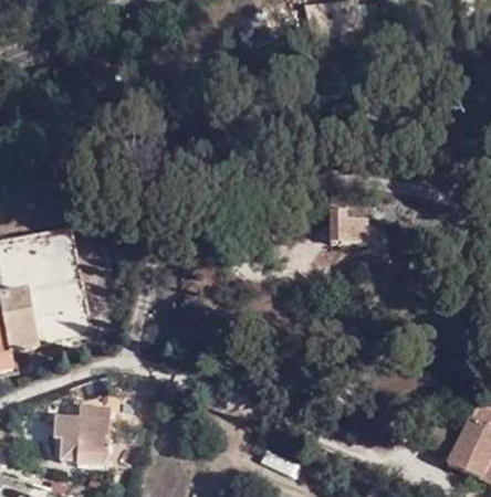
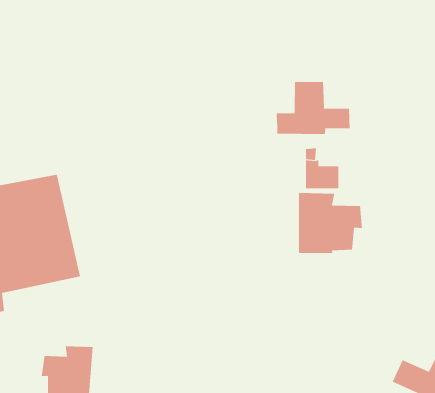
building: none -> [276,81,350,135]
building: none -> [299,192,363,254]

